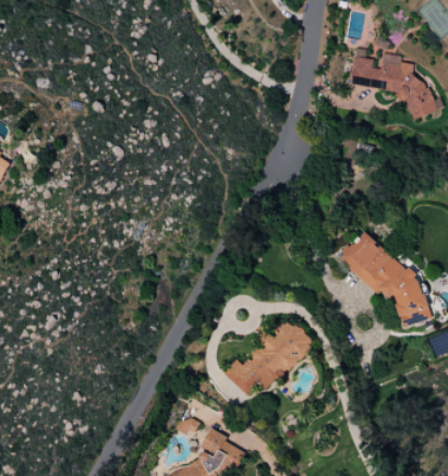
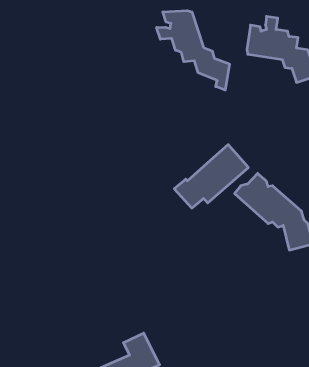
building: none -> [157,11,229,90]
building: [222,317,314,395] -> [174,145,248,208]

